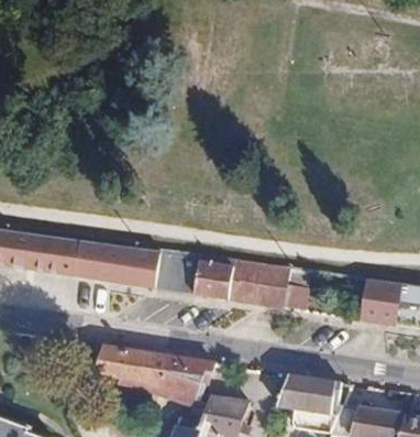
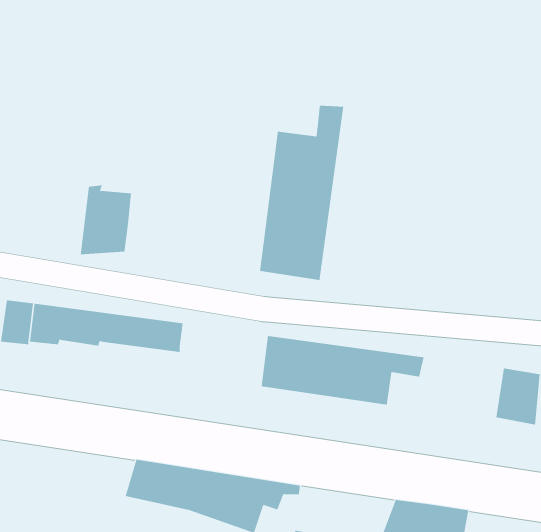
building: none -> [260,105,344,281]
building: none -> [80,184,132,255]
building: [135,249,197,294] -> none

